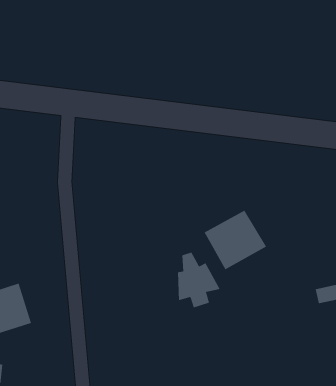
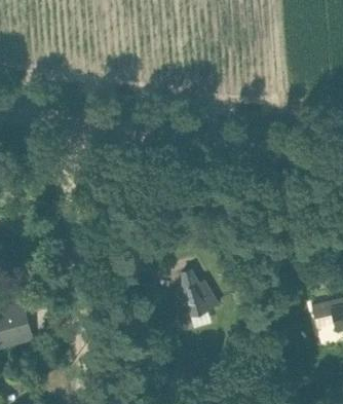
building: [204,210,267,270] -> none

